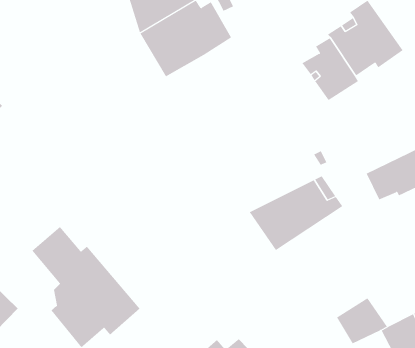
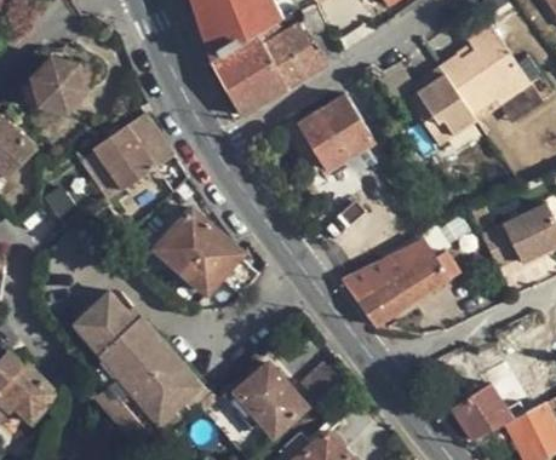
building: none -> [44,59,97,115]
building: none -> [297,94,371,168]
building: none -> [97,110,187,194]
building: none -> [157,209,245,297]
building: none -> [224,366,309,438]

